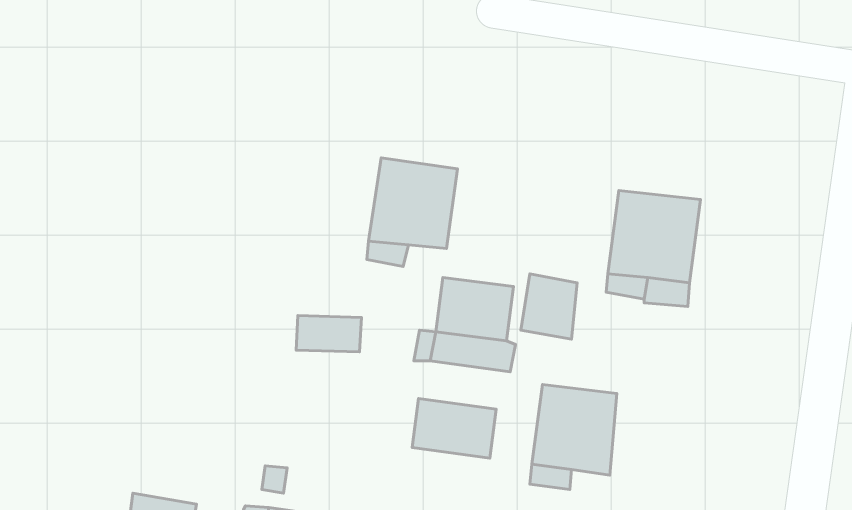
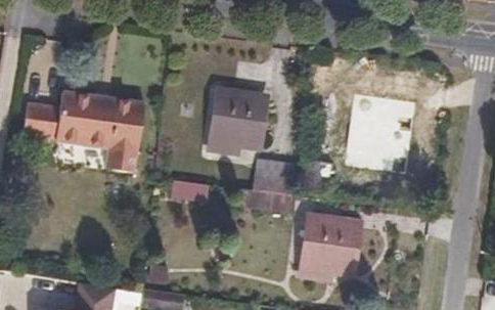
building: none -> [22,90,143,171]
building: [412,399,496,458] -> none

